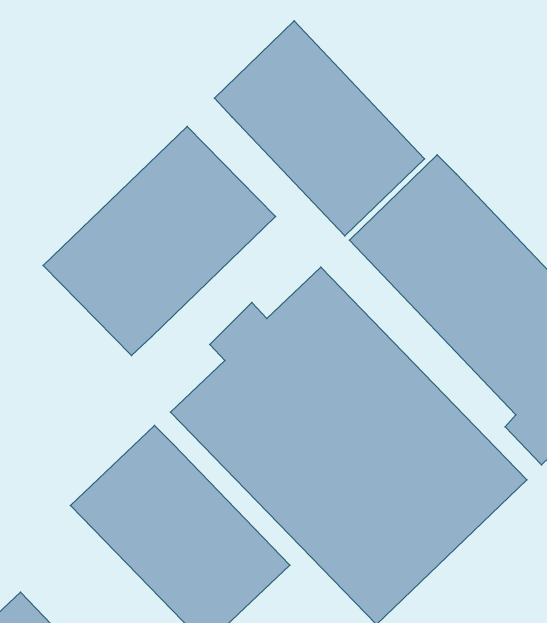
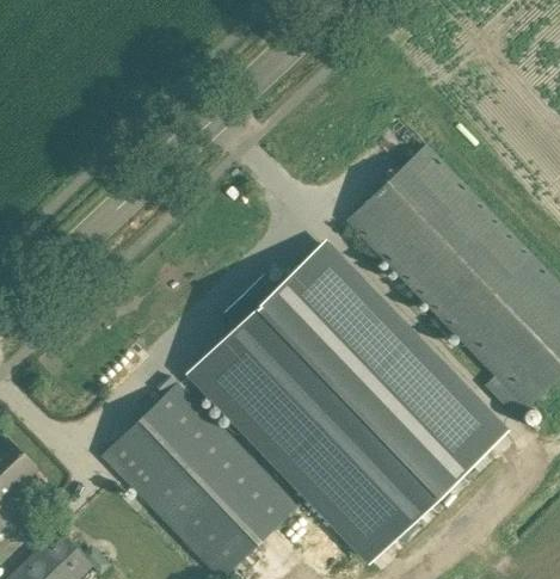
building: [214,21,424,236] -> none
building: [43,127,276,355] -> none

